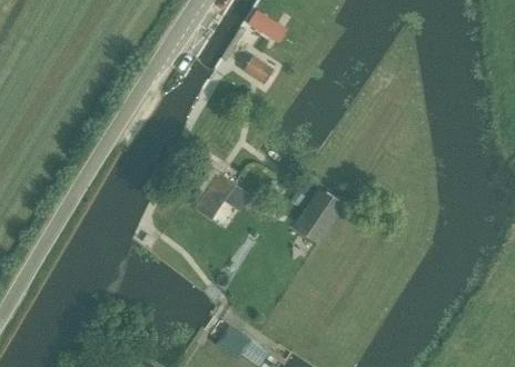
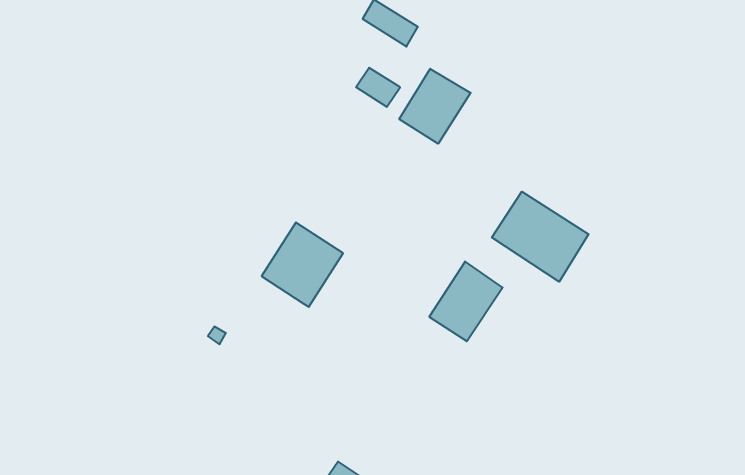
building: none -> [399,69,471,144]
building: none -> [492,192,588,282]

